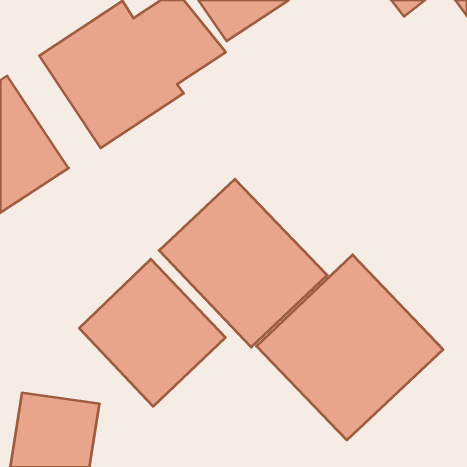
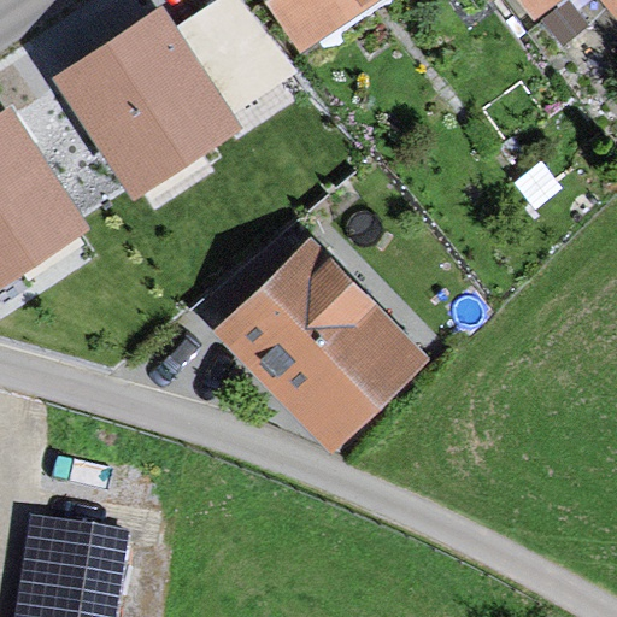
building: [256,255,443,440] -> none
building: [79,259,225,406] -> none

